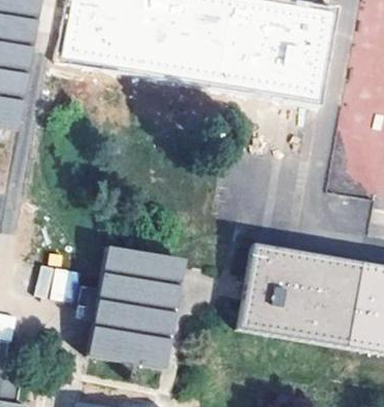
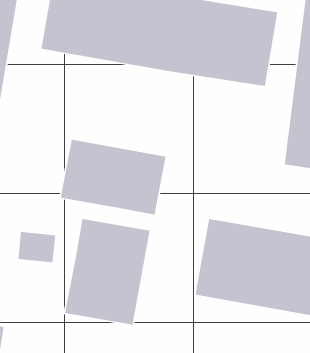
building: none -> [60,139,167,216]

